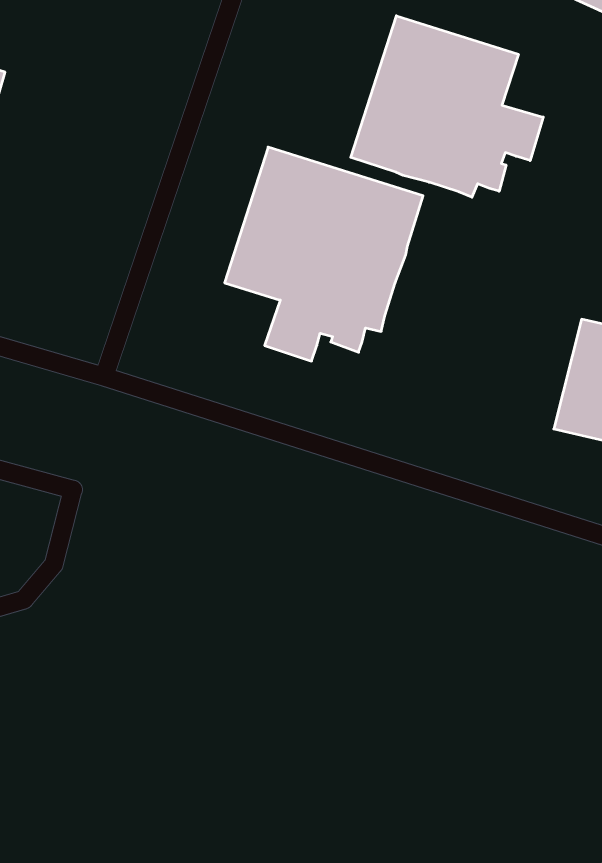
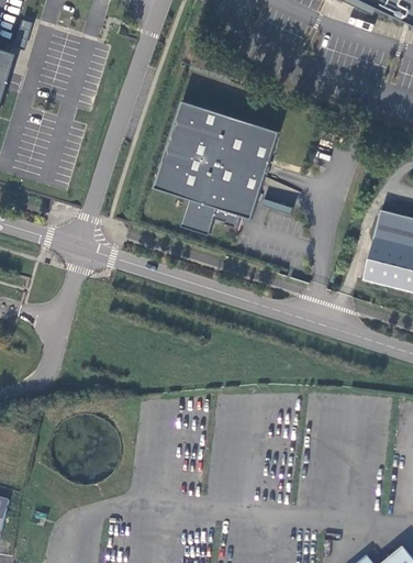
building: [351,16,543,197] -> none

